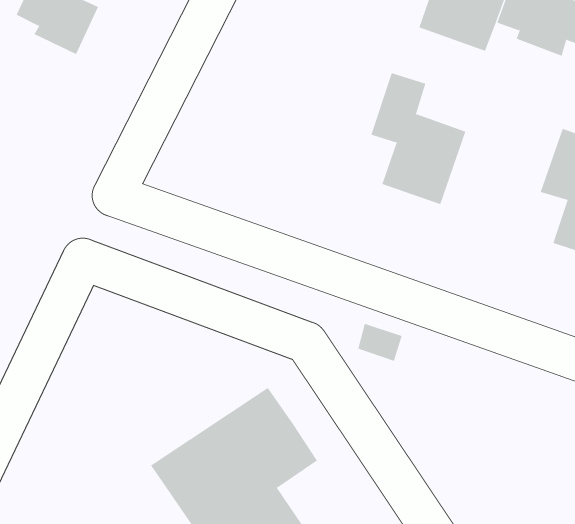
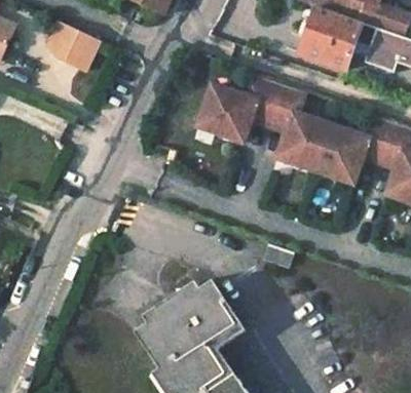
building: none -> [199,70,286,140]
building: none -> [317,112,396,182]

